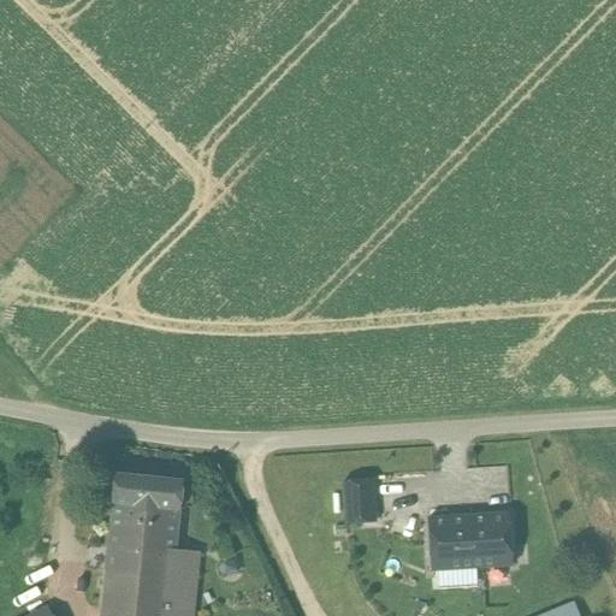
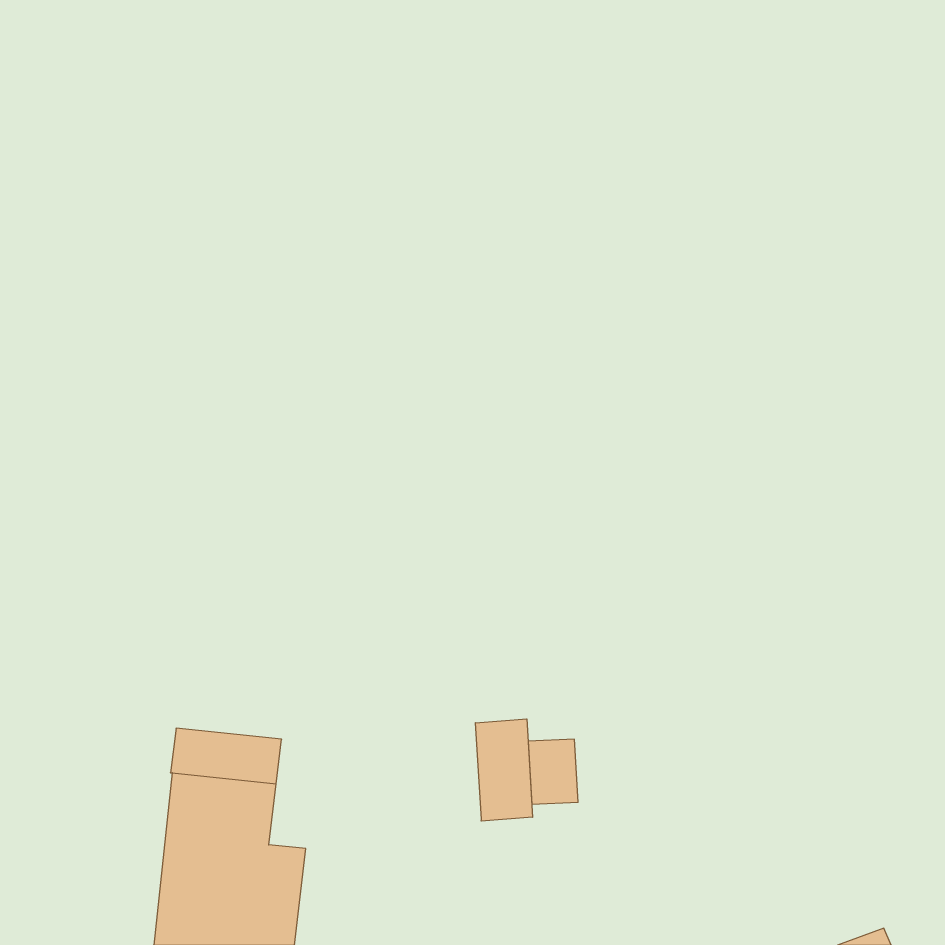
building: none -> [475,719,533,821]
building: [430,511,514,570] -> none

